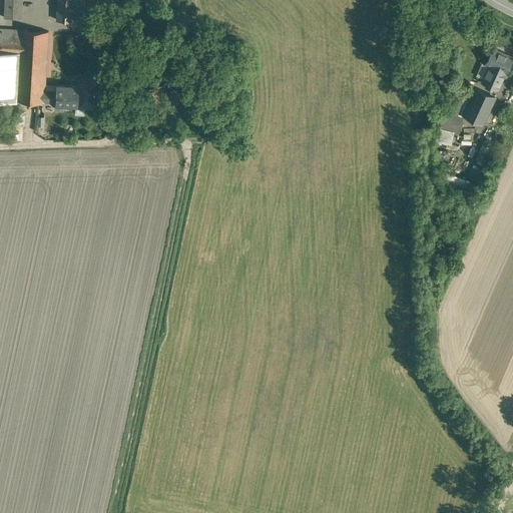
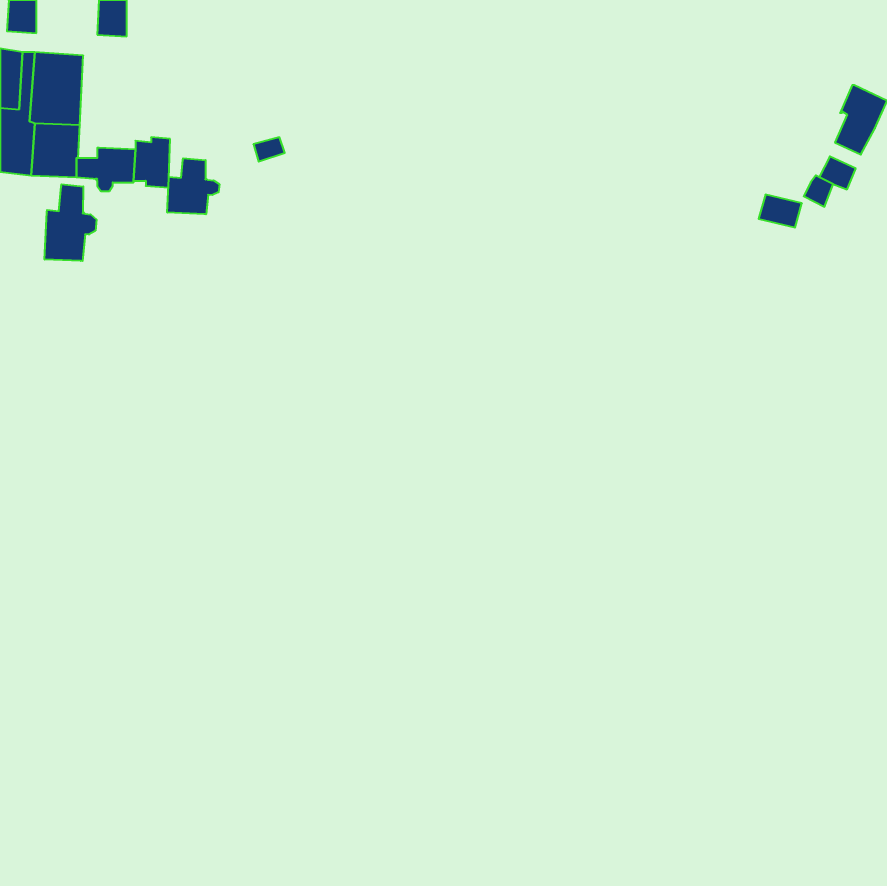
building: none -> [167,158,219,214]
building: none -> [45,184,96,261]

